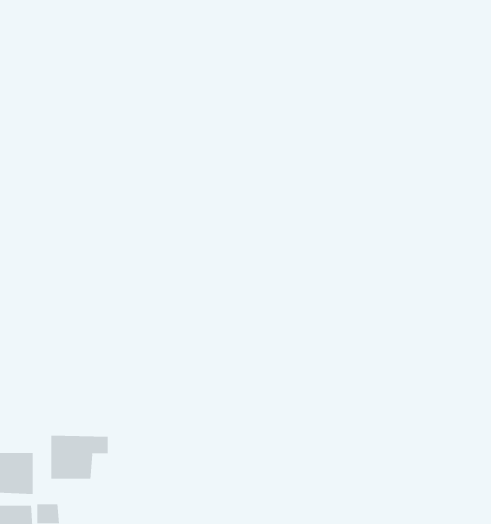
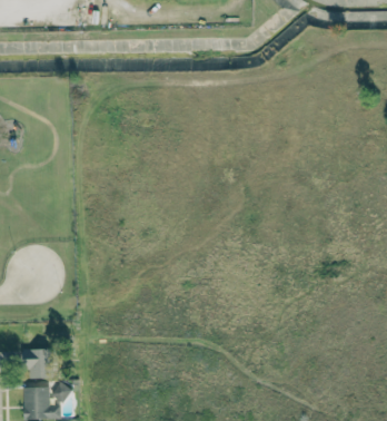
building: [51,435,108,479] -> none

